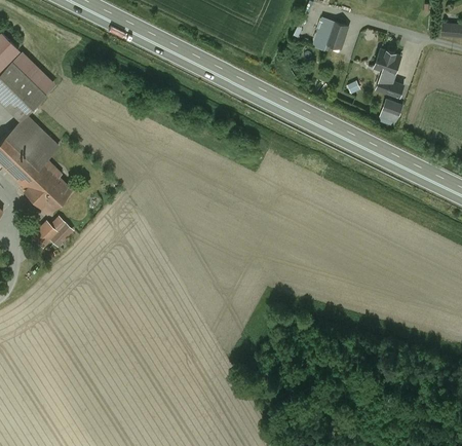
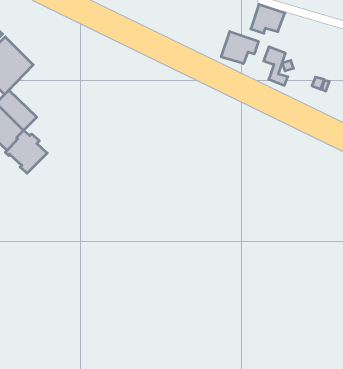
building: none -> [221,31,258,64]
building: [375,51,403,97] -> [264,47,288,85]
building: [30,219,72,248] -> none

